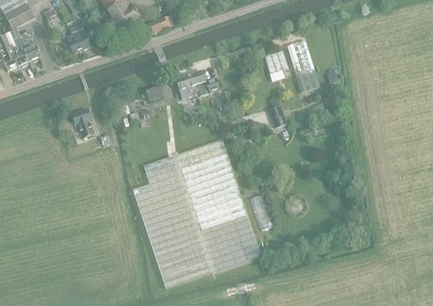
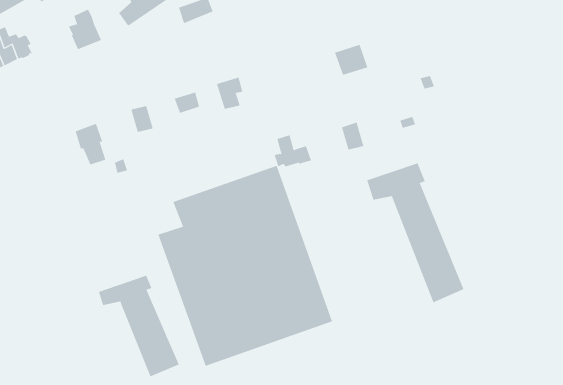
building: [286,38,319,91] -> none
building: [190,70,219,95] -> [274,135,312,167]
building: none -> [366,163,464,303]
building: none -> [98,275,179,377]

